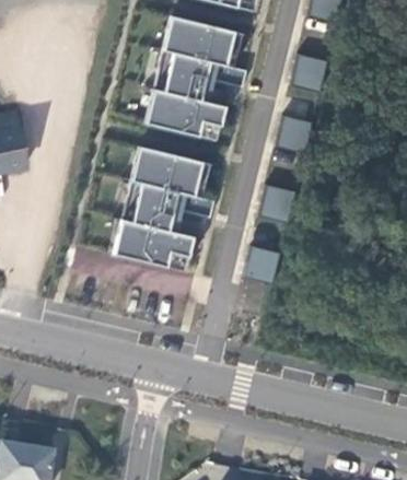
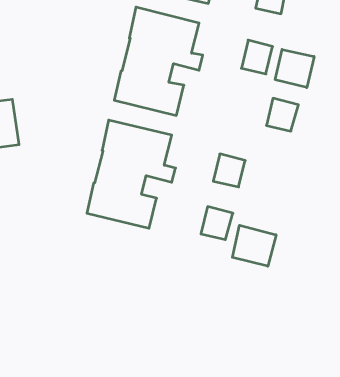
building: none -> [275,49,314,88]
building: [275,114,312,152] -> [266,98,298,131]
building: none -> [232,225,276,266]

